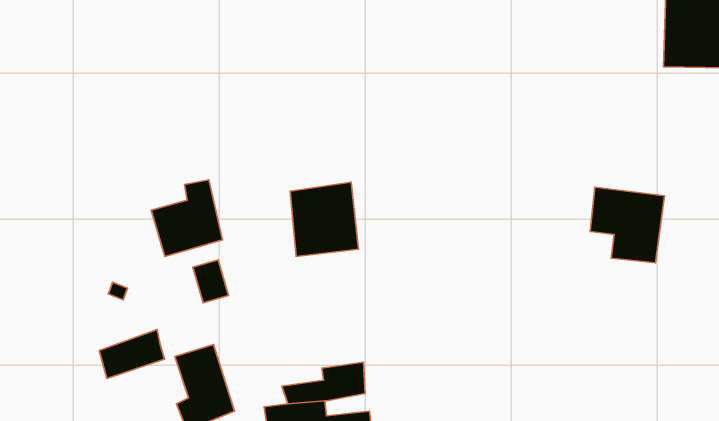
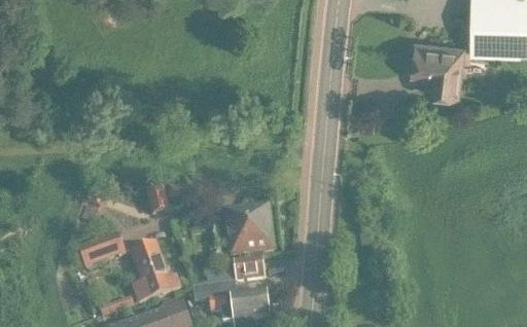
building: [151,180,222,257] -> none
building: [290,182,358,257] -> [226,202,274,253]
building: [590,187,665,263] -> [411,38,462,90]

